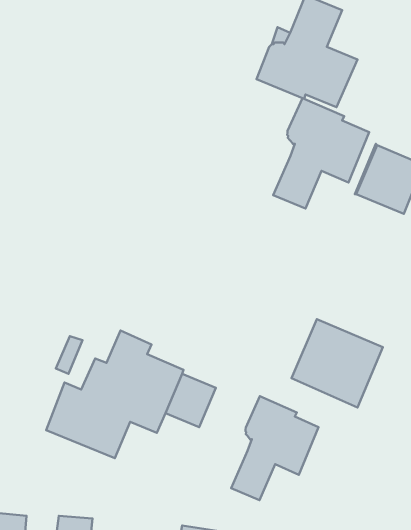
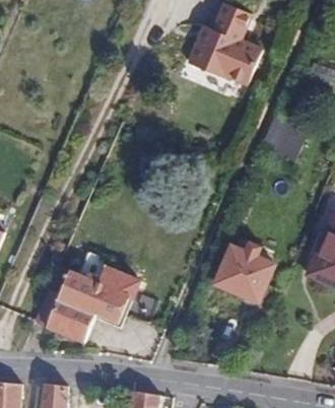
building: [273,98,369,209] -> none
building: [231,396,319,500] -> none

